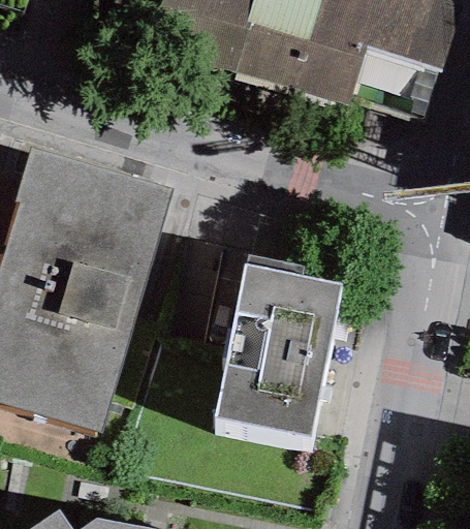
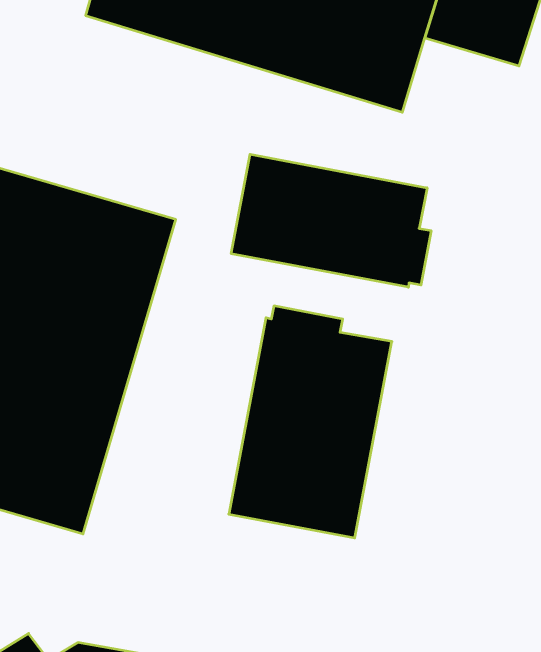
building: none -> [231,154,431,287]

